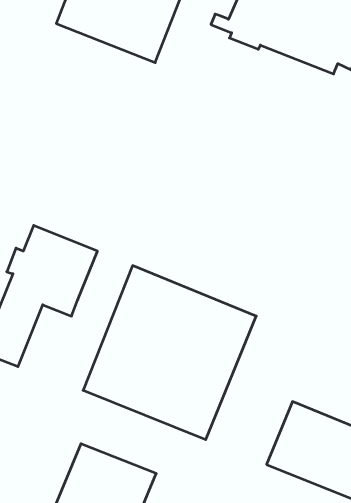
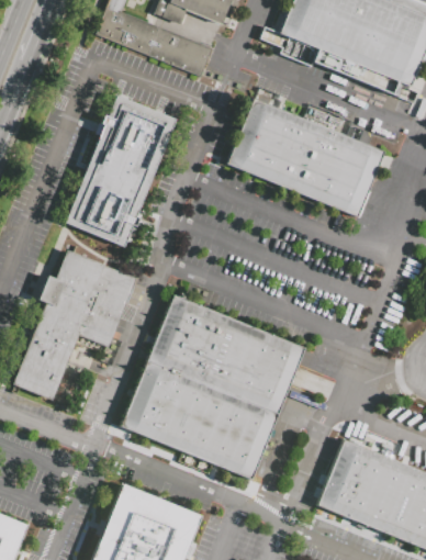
building: none -> [67,94,178,248]
building: none -> [229,98,386,216]

